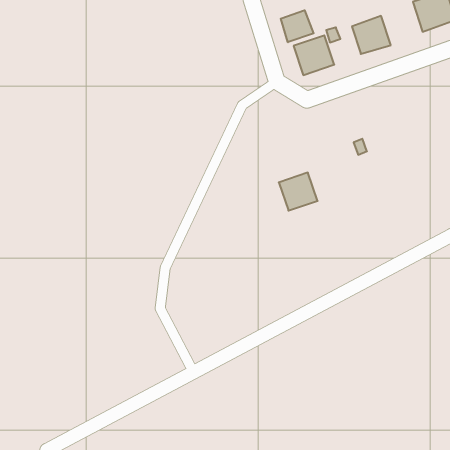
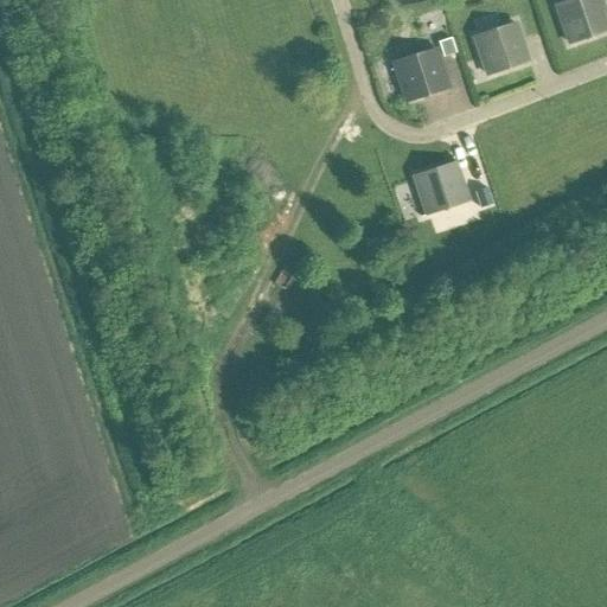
building: [281,10,314,42] -> none
building: [279,173,318,211] -> [414,161,466,212]

